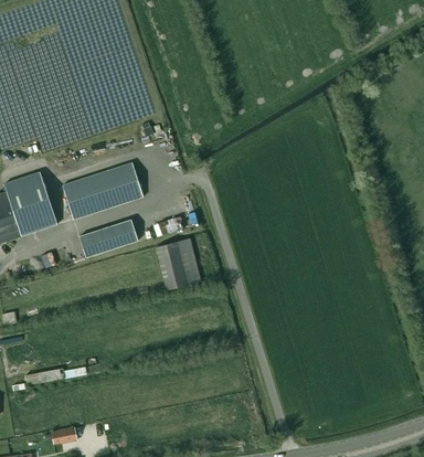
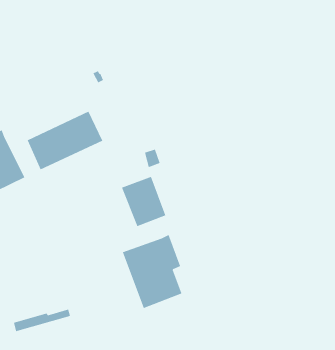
building: [78,220,138,257] -> none
building: none -> [122,234,182,309]

